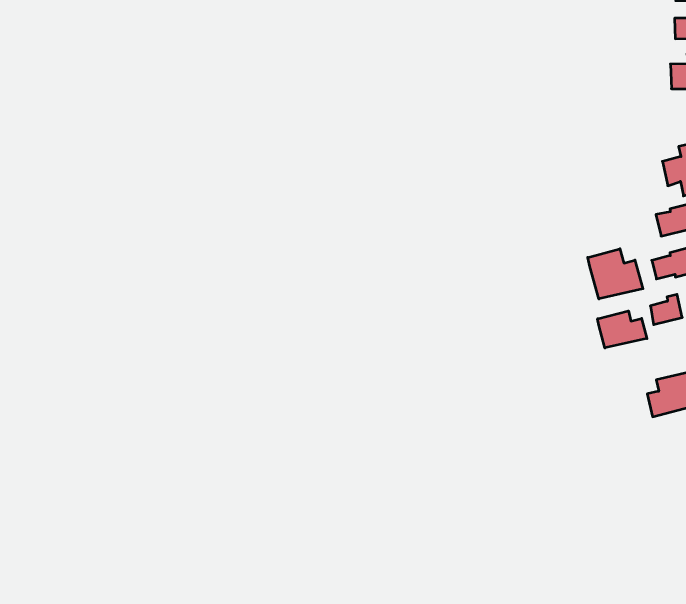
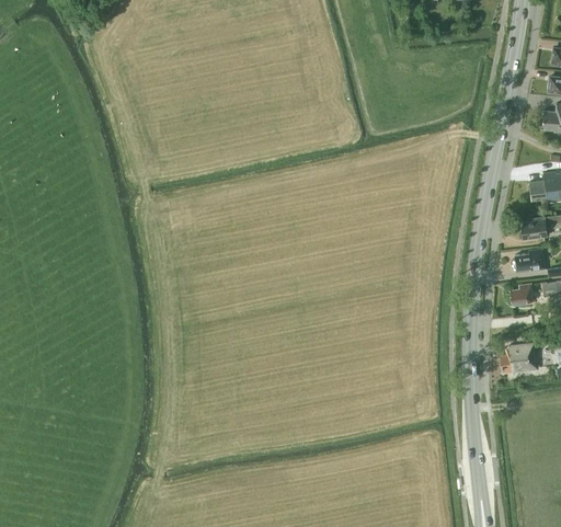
building: [588,249,643,299] -> none
building: [598,311,647,348] -> none

